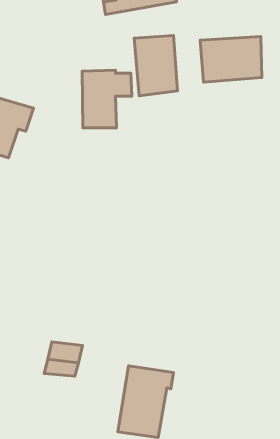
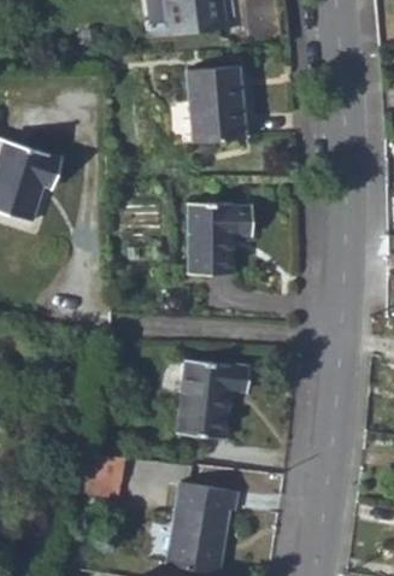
building: [200,36,262,82] -> none
building: [82,70,132,128] -> [188,200,251,272]
building: none -> [178,358,249,437]

